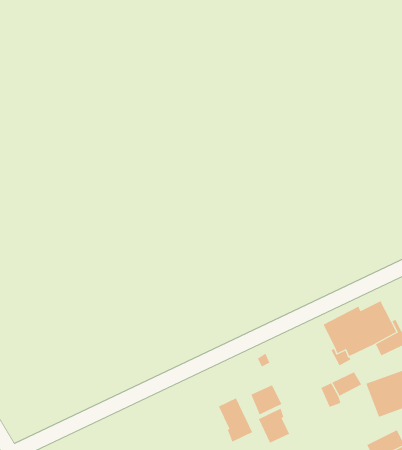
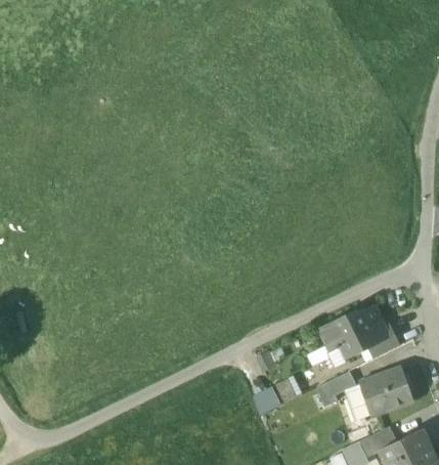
building: [218,398,253,442] -> none
building: [258,408,290,444] -> none

